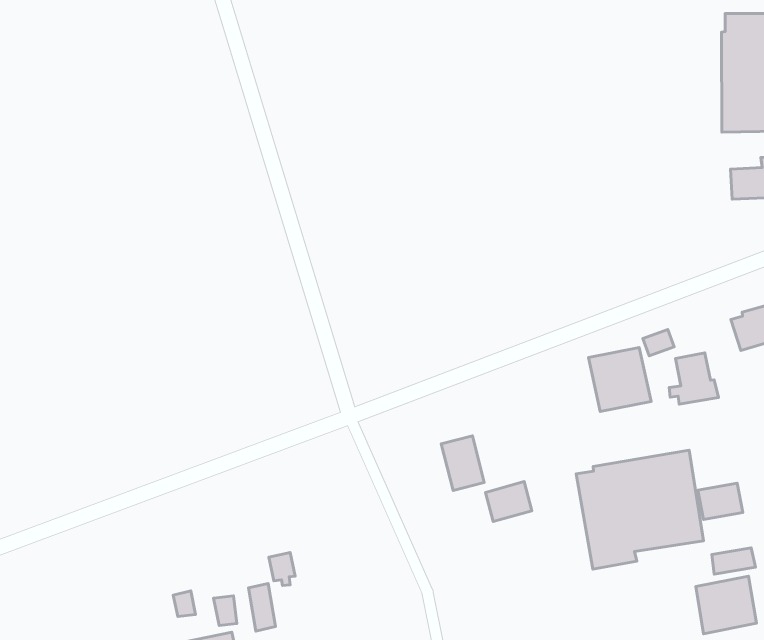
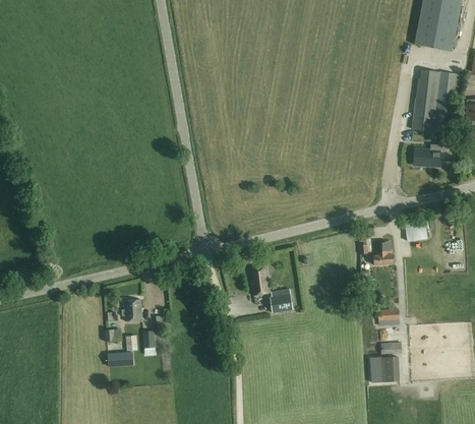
building: [588,348,651,411] -> none
building: [576,450,704,569] -> none
building: none -> [121,299,142,321]

